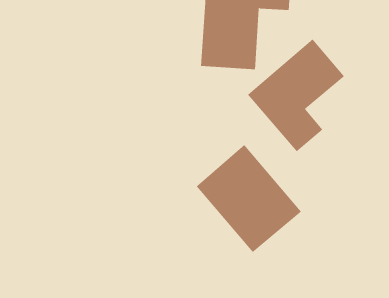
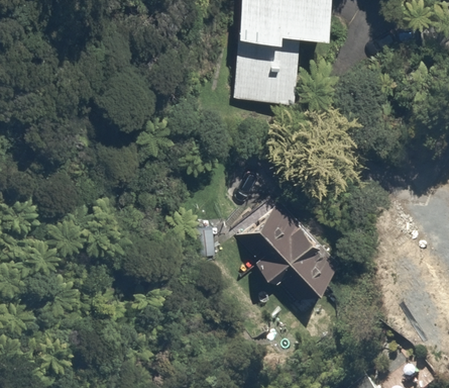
building: [247,38,345,152] -> none

